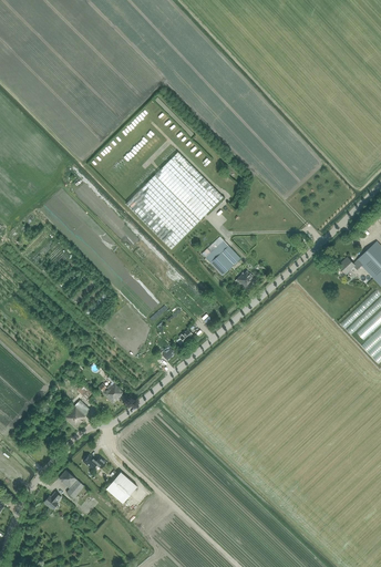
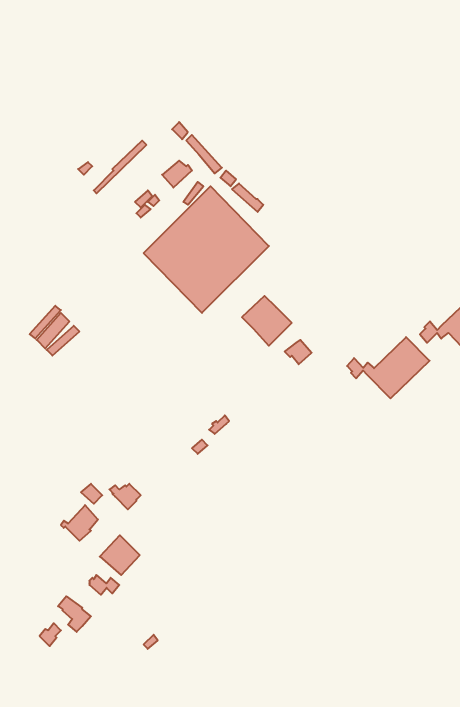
building: none -> [347,337,430,398]
building: [105,472,136,503] -> [100,535,140,575]

